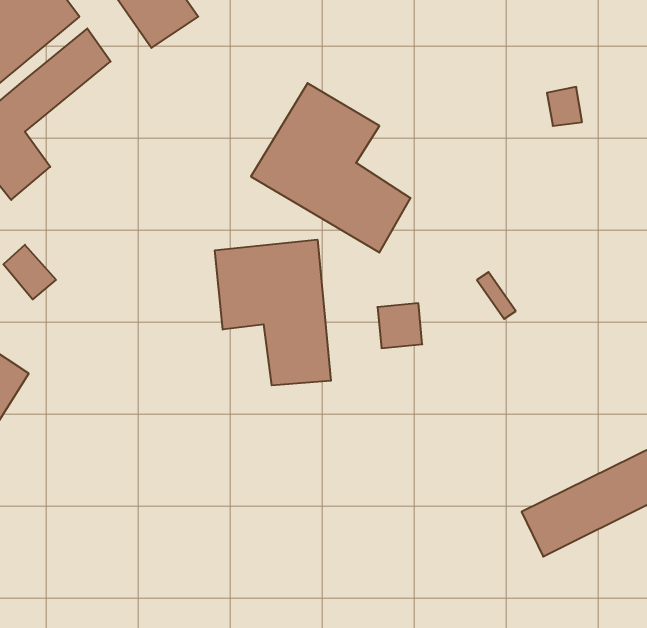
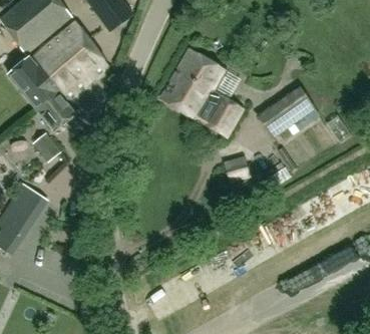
building: none -> [38,38,109,131]
building: none -> [260,86,316,137]
building: [215,240,331,385] -> none

